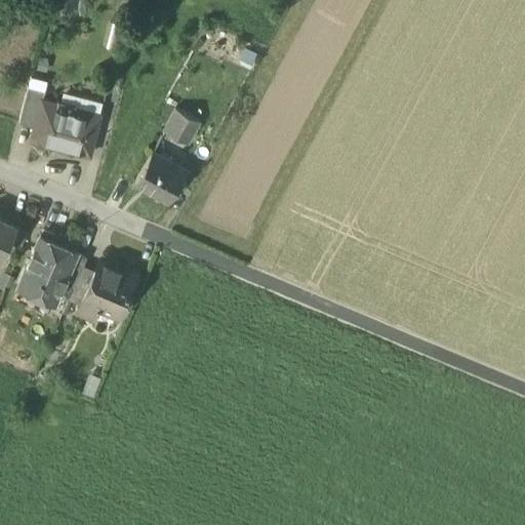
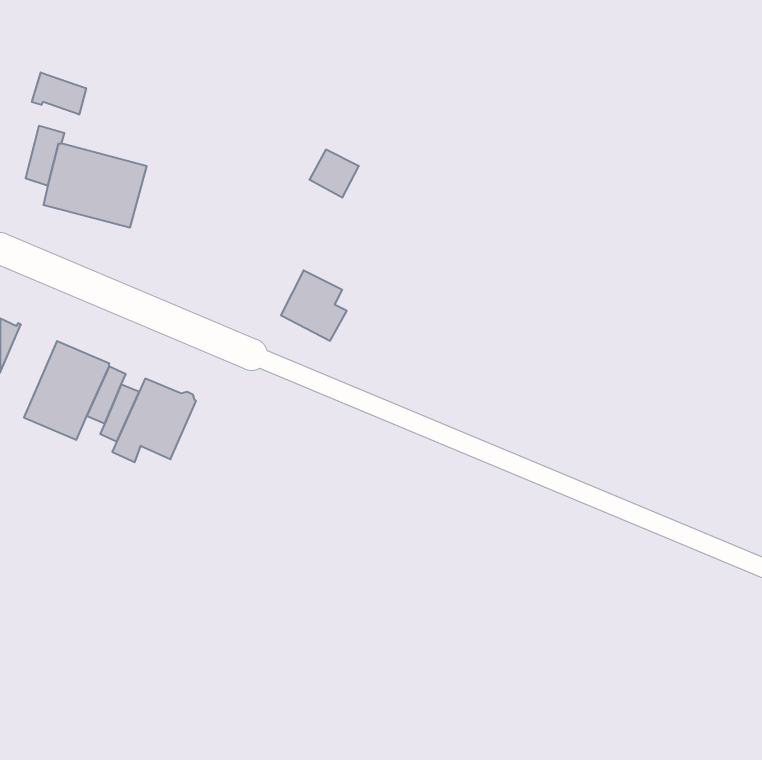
building: none -> [32,72,86,115]
building: [166,114,200,147] -> [309,150,359,198]
building: [137,156,183,204] -> [281,270,347,341]

